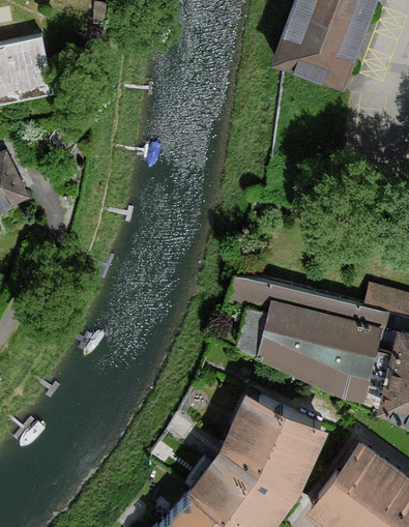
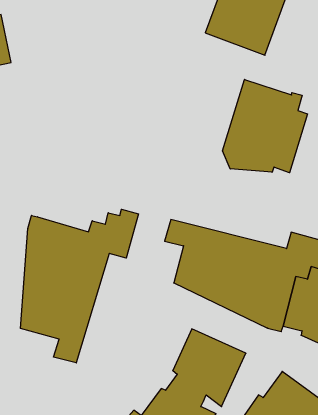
building: none -> [223,79,308,173]
building: none -> [21,209,138,363]

